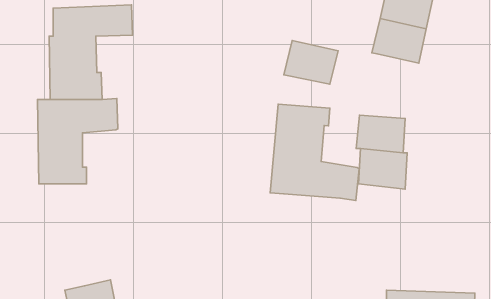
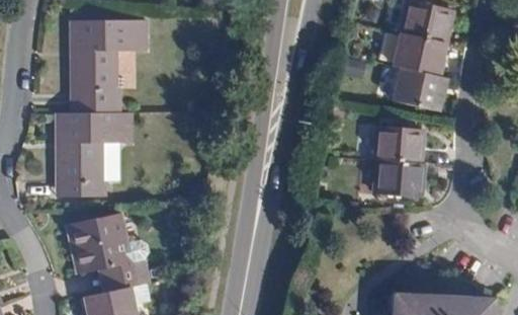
building: [284,40,338,84] -> [381,66,434,108]
building: [270,104,359,200] -> none
building: none -> [71,211,150,292]

